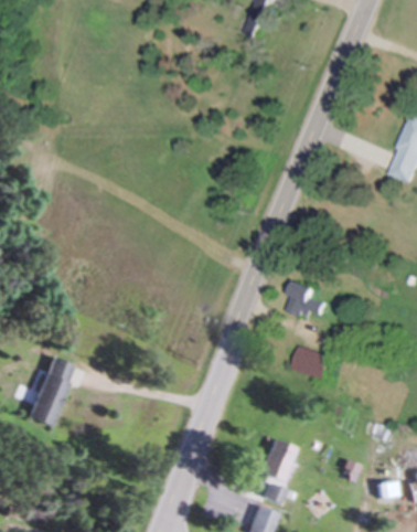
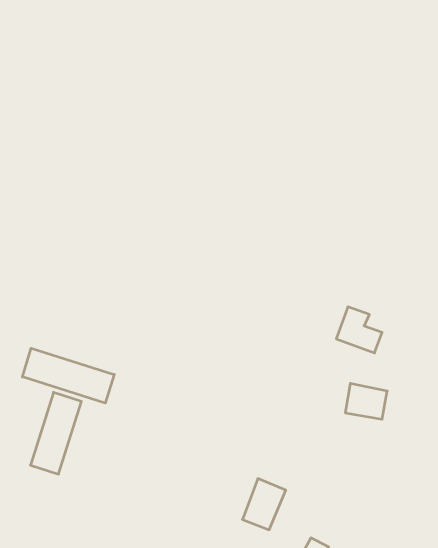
building: none -> [22,348,114,403]
building: [259,438,297,482] -> [242,479,286,530]

